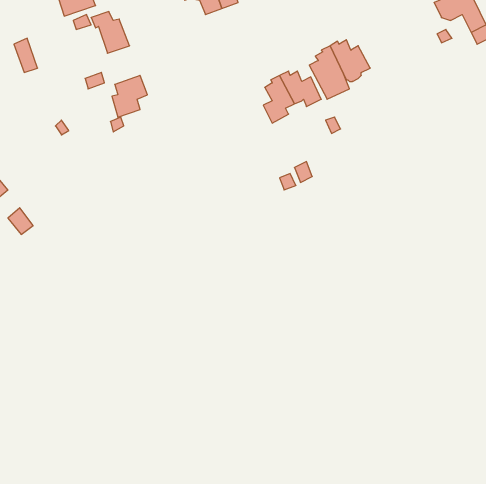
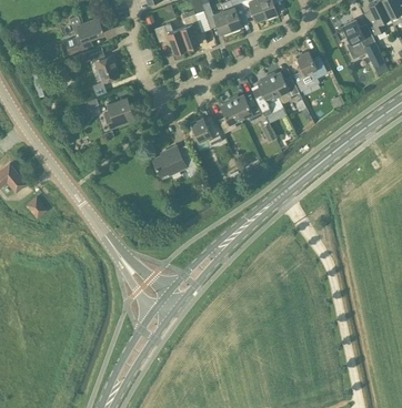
building: none -> [292,51,326,91]
building: none -> [191,118,221,146]
building: none -> [152,145,198,175]

